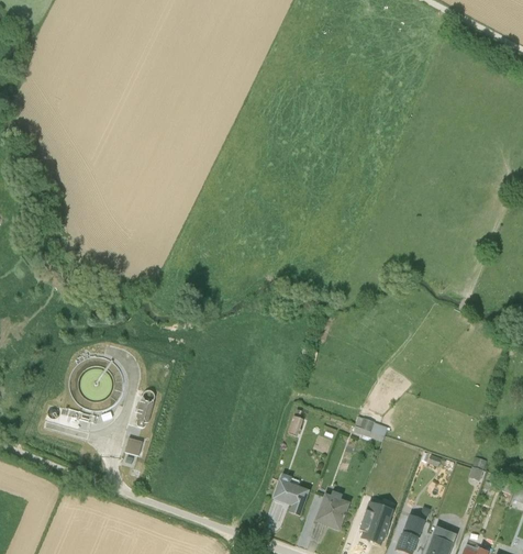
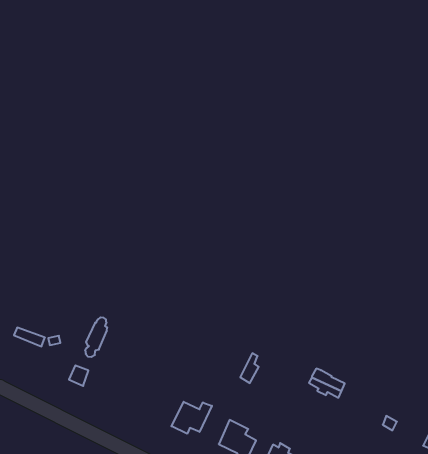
building: none -> [171,402,212,434]

